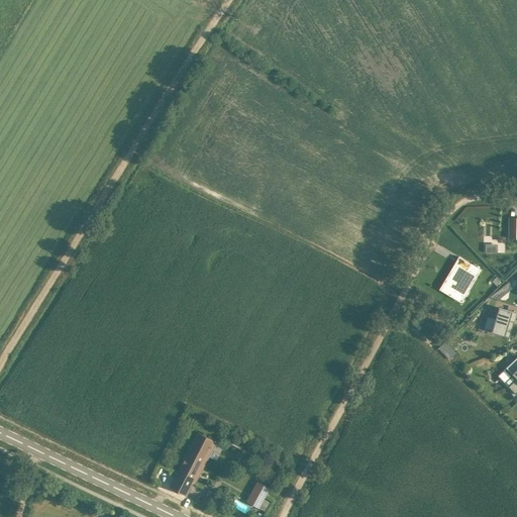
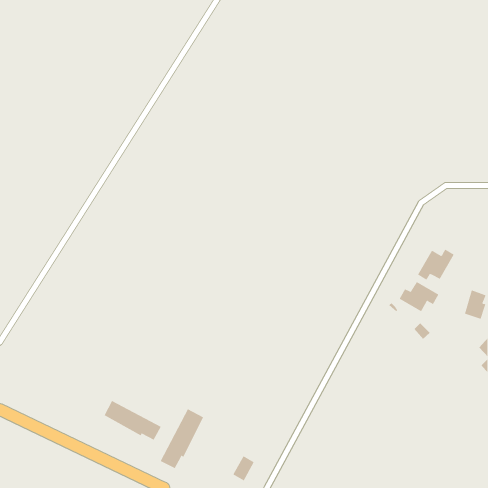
building: none -> [399,281,439,312]
building: none -> [104,400,161,440]

